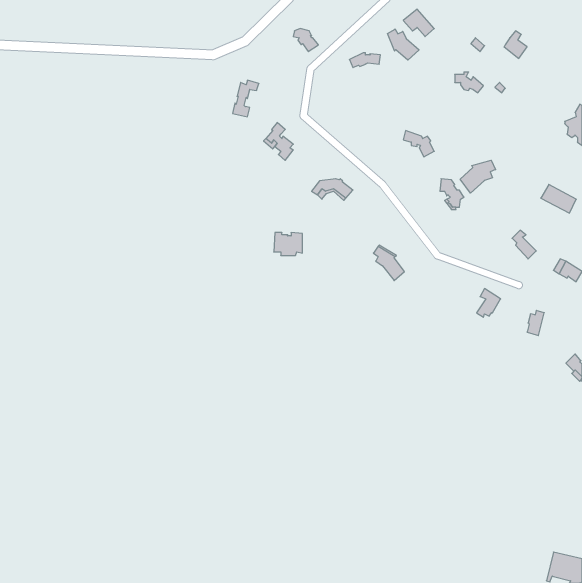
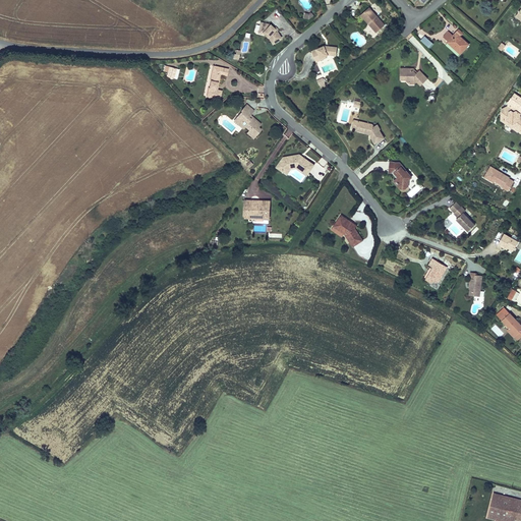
building: [387,29,419,60] -> none
building: [460,160,496,193] -> none

